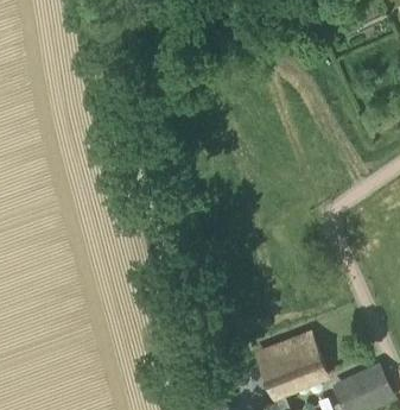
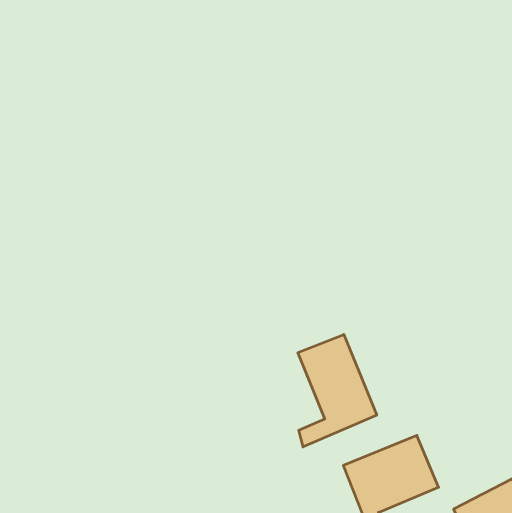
building: none -> [298,334,377,447]

